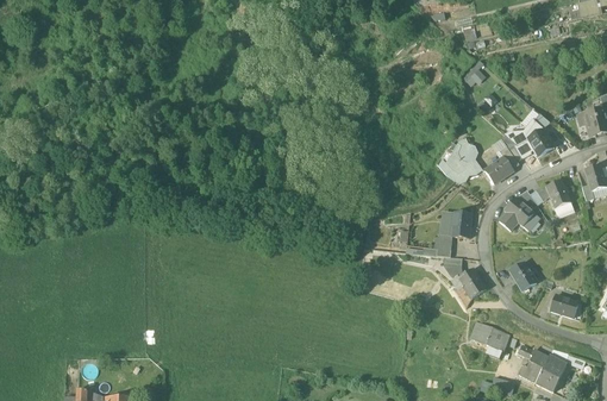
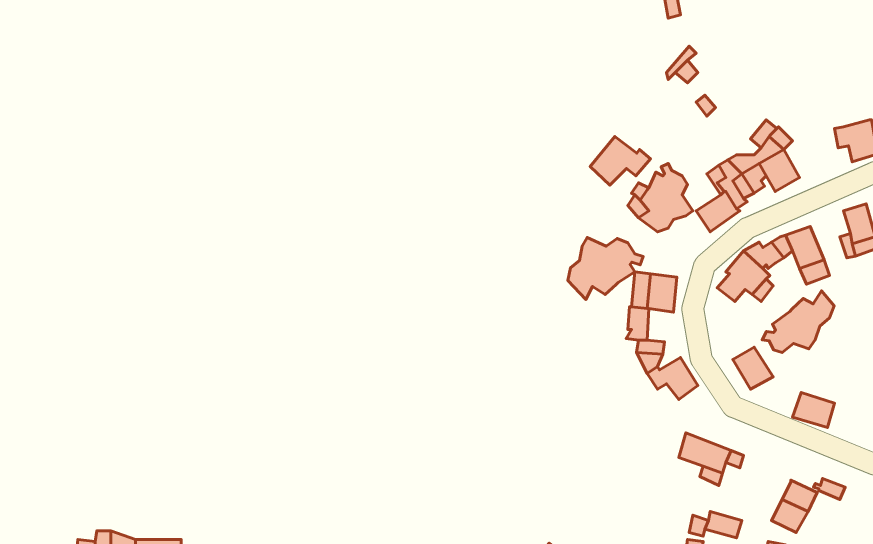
building: none -> [590,136,650,185]
building: none -> [568,237,643,299]
building: none -> [762,291,834,352]
building: [515,343,549,381] -> none

